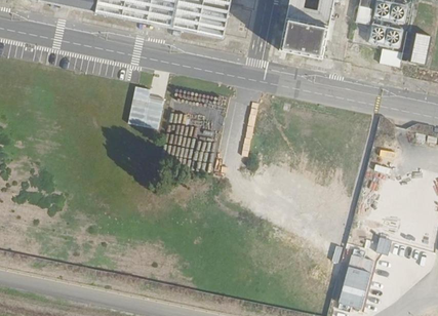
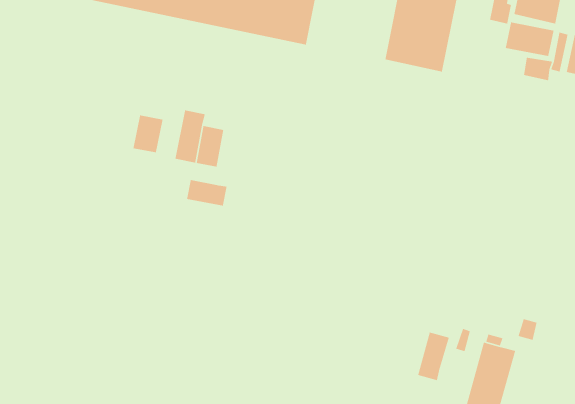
building: none -> [133,115,163,153]
building: none -> [186,179,227,207]
building: none -> [417,332,450,381]

